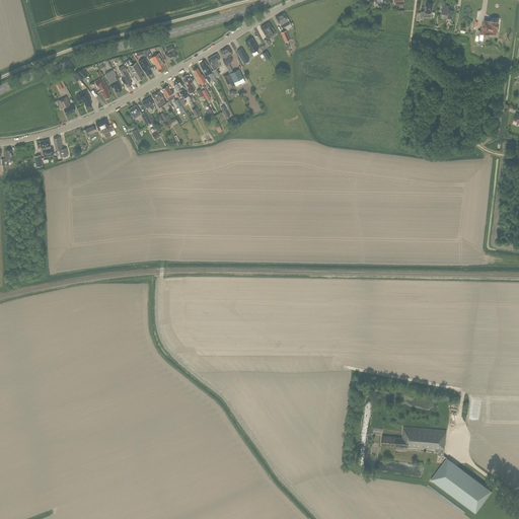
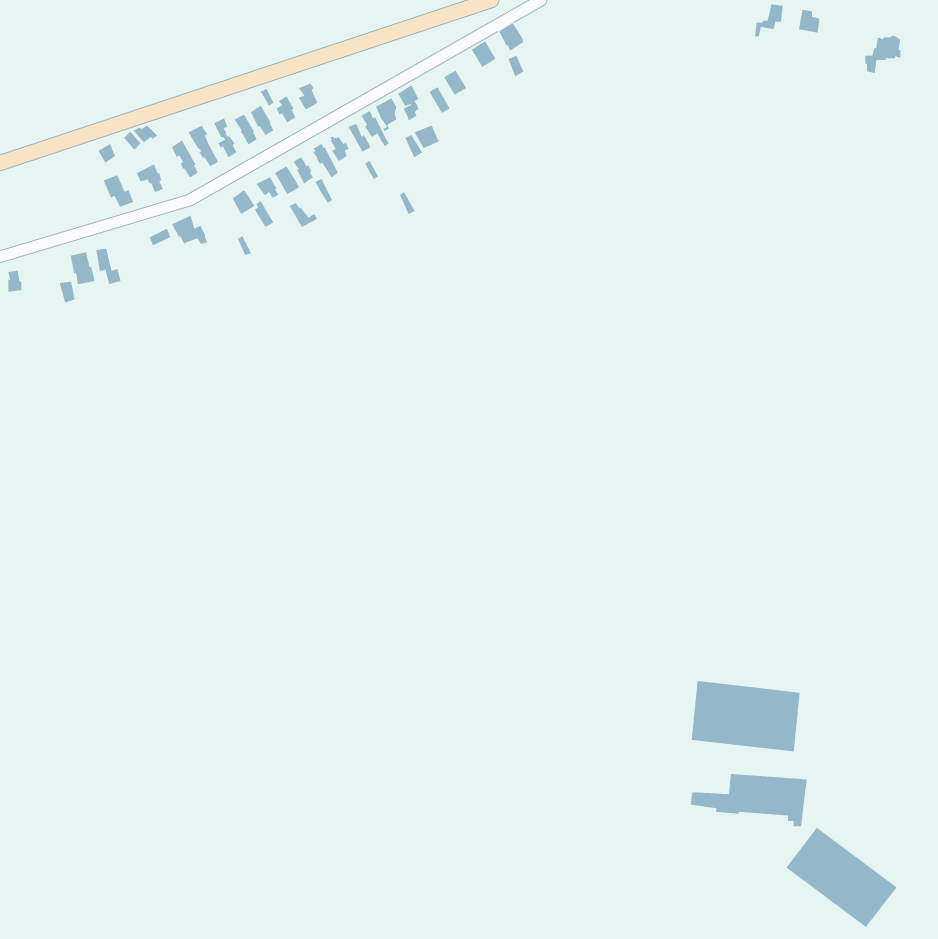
building: none -> [691,680,800,752]

